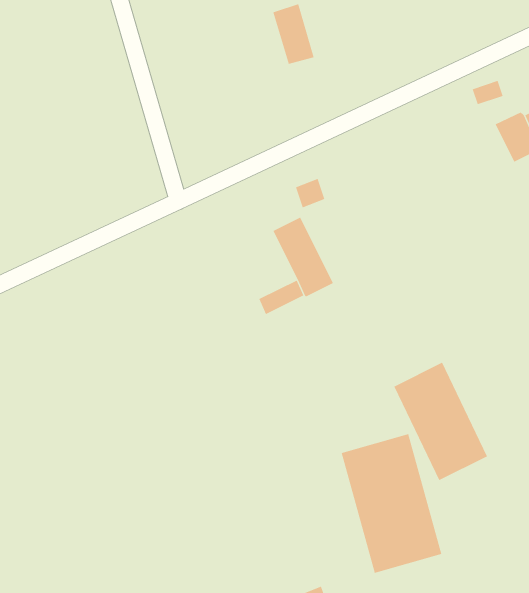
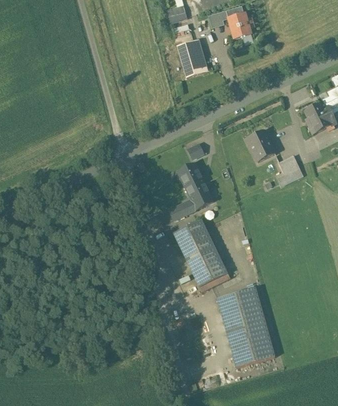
building: none -> [246,130,275,161]
building: none -> [276,155,302,185]
building: [393,362,488,481] -> [173,219,227,287]

